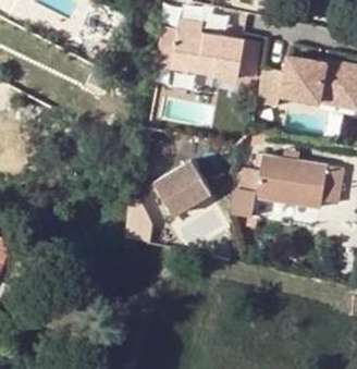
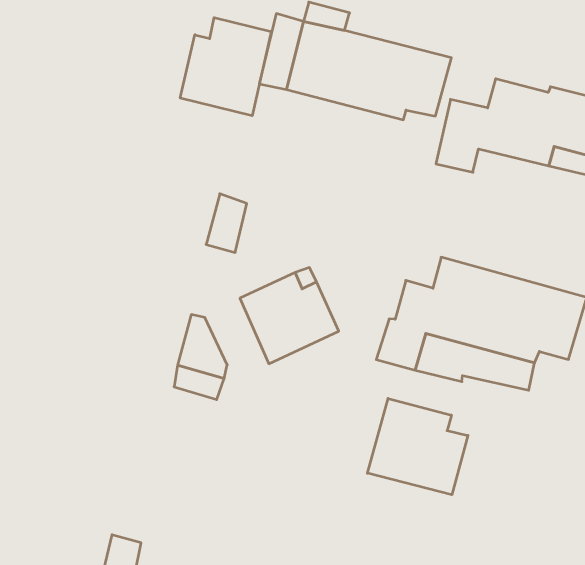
building: none -> [180,18,271,116]
building: none -> [367,398,468,495]

